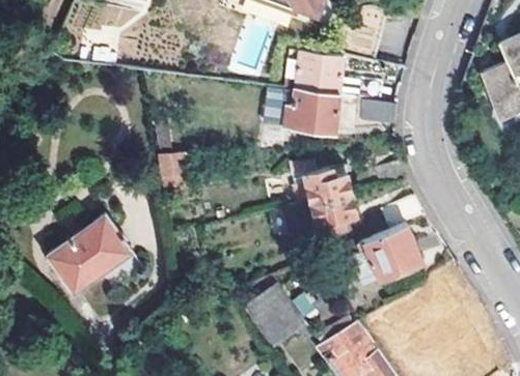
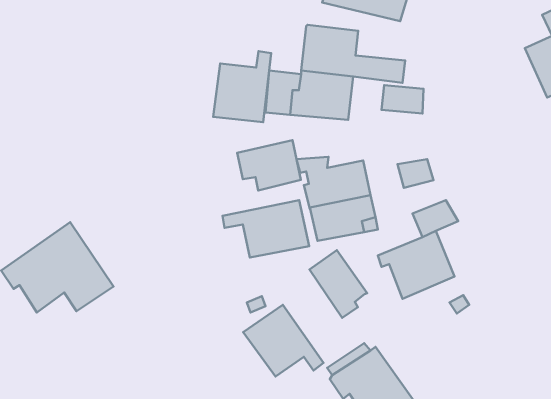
building: none -> [213,51,271,122]
building: none -> [237,140,301,191]
building: [158,155,190,192] -> none
building: none -> [223,200,309,258]
building: none -> [310,250,367,318]

